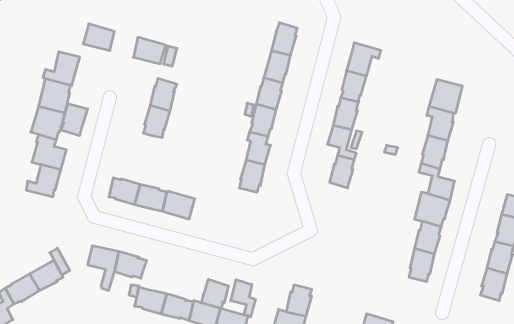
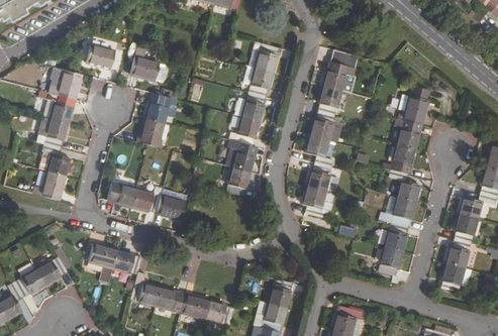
building: [61,103,88,136] -> none
building: none -> [304,186,324,216]
building: [202,279,228,308] -> none
building: [231,280,255,317] -> none

